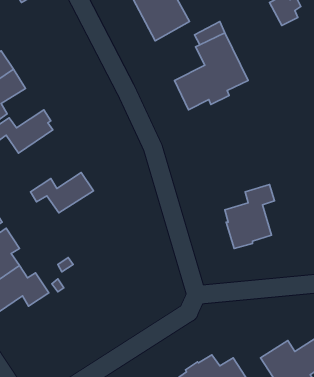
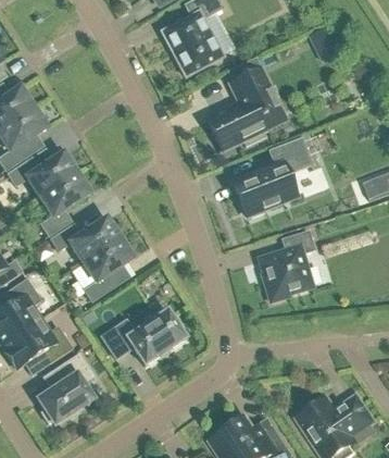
building: none -> [234,137,312,215]
building: none -> [39,172,89,235]
building: none -> [83,237,135,300]
building: none -> [101,310,187,364]
building: none -> [38,352,93,423]

